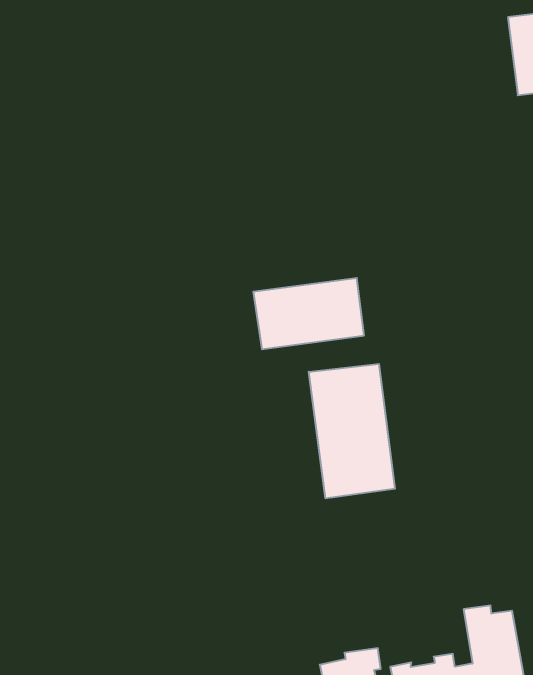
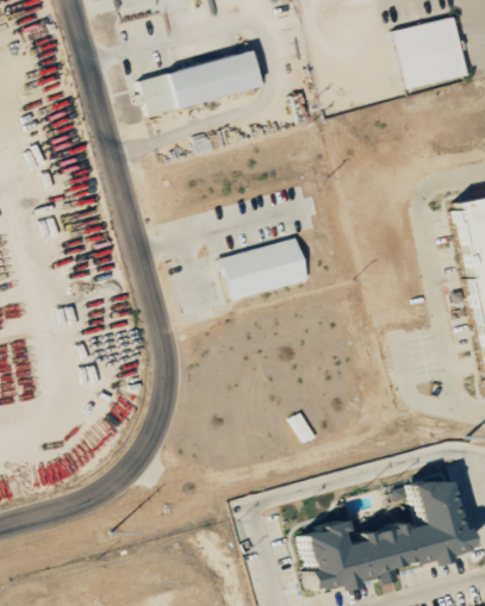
building: none -> [143,52,265,114]
building: [309,364,395,498] -> none

